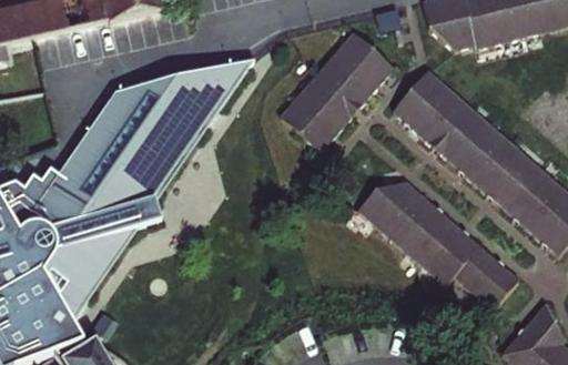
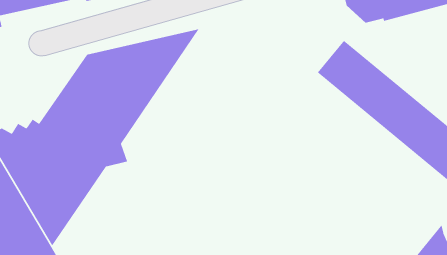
building: [283,34,395,154] -> none
building: [359,182,521,306] -> none

